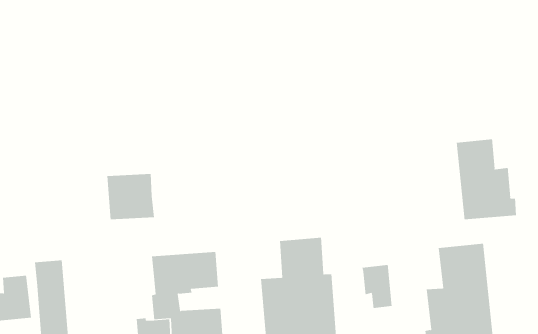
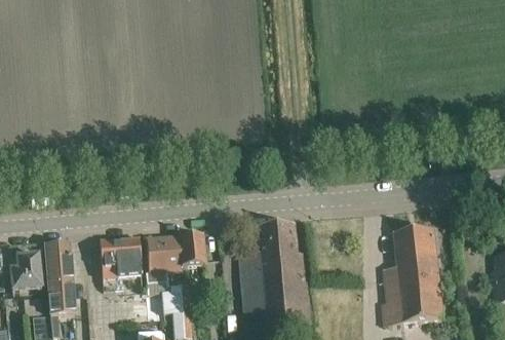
building: [456,138,517,220] -> none
building: [106,174,155,220] -> [100,237,142,277]
building: [362,264,392,309] -> none

